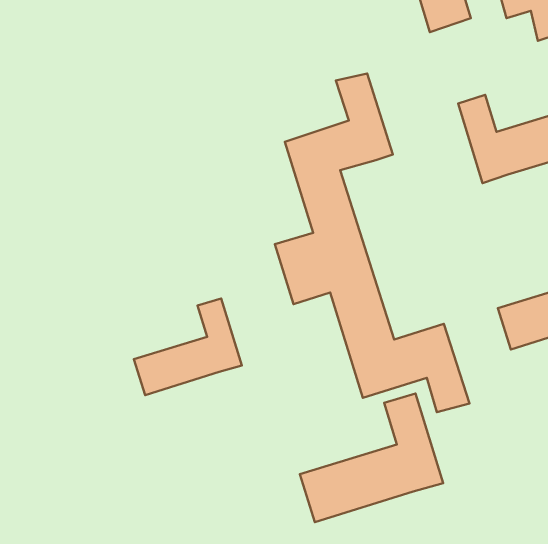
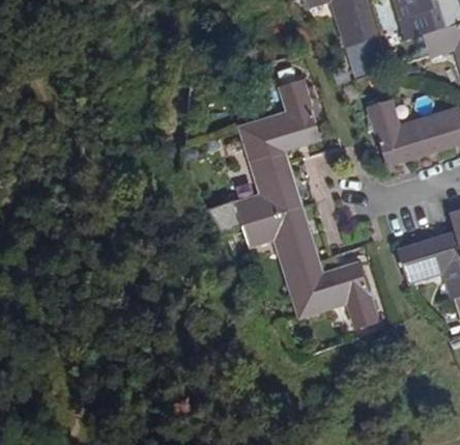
building: [134,299,242,395] -> none
building: [300,394,443,522] -> none

